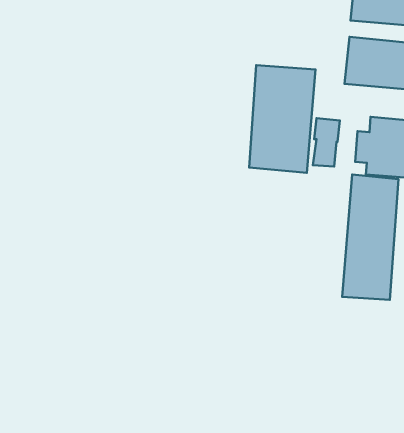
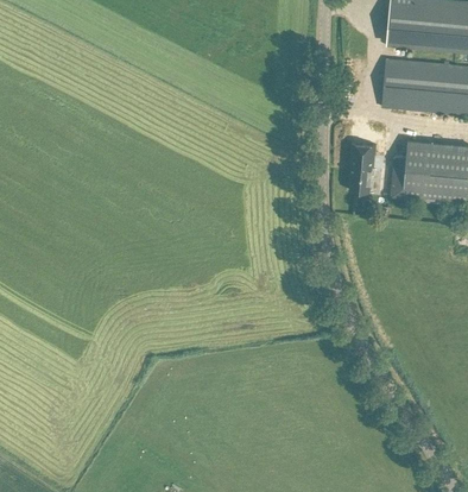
building: [249,65,316,173] -> none
building: [342,175,399,300] -> none

